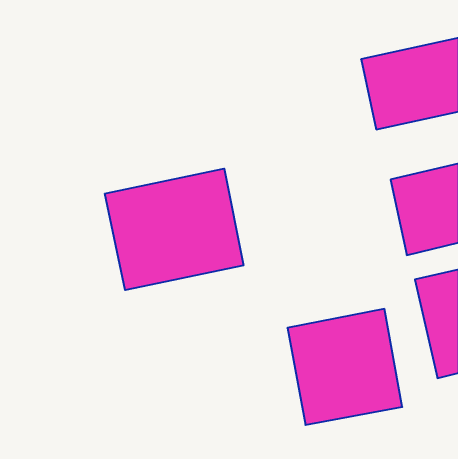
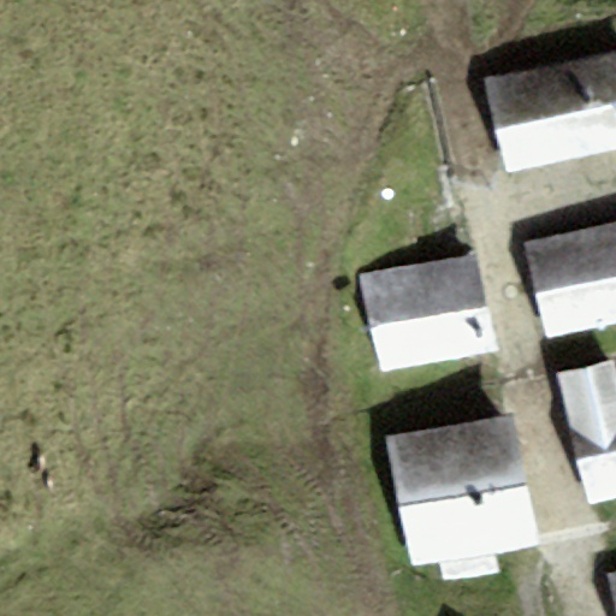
building: [105,169,243,290] -> none
building: none -> [360,251,496,373]

